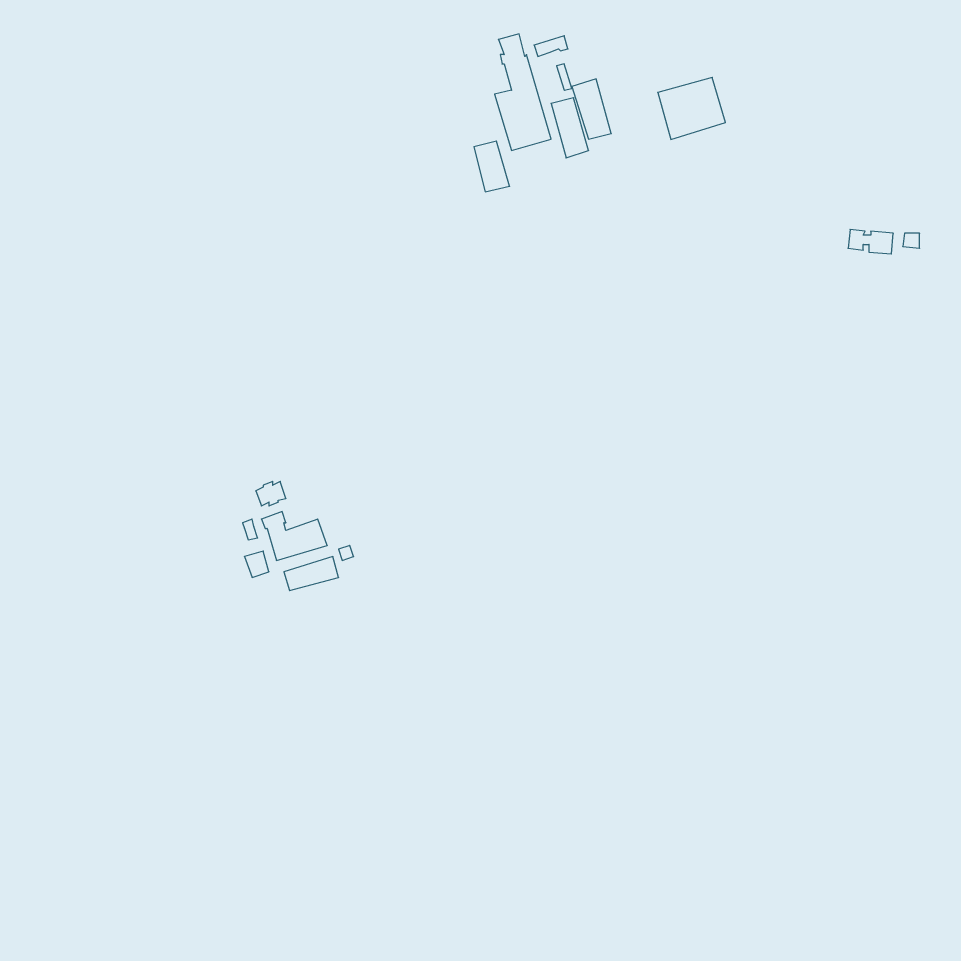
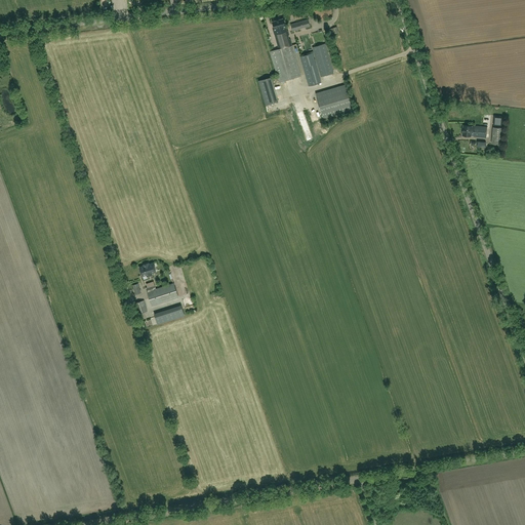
building: [658,77,725,139] -> [316,85,353,119]

